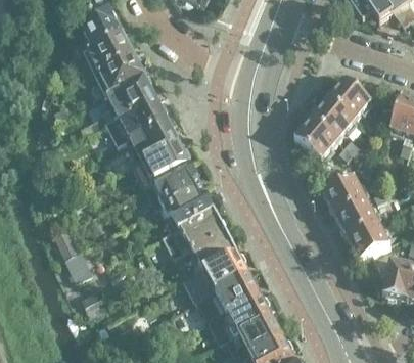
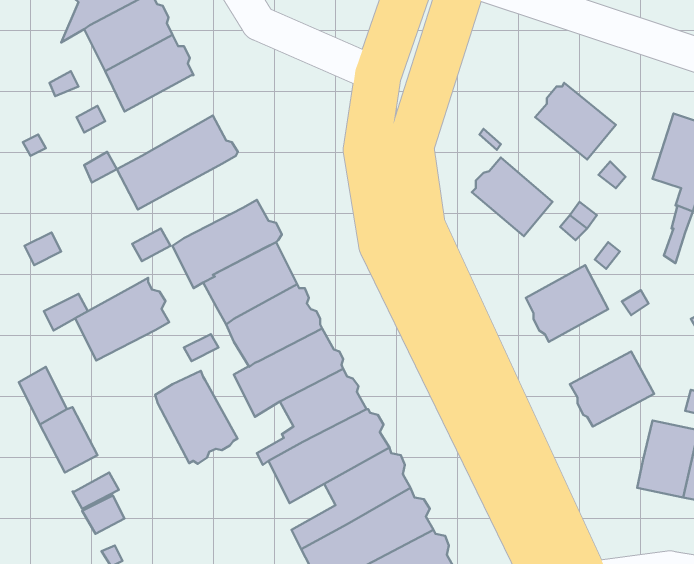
building: [106,74,155,117] -> none
building: [309,96,355,141] -> none
building: [129,117,179,161] -> [75,278,169,361]
building: [334,198,378,238] -> none
building: none -> [155,371,238,464]

